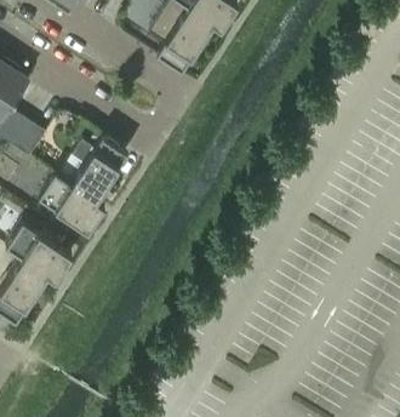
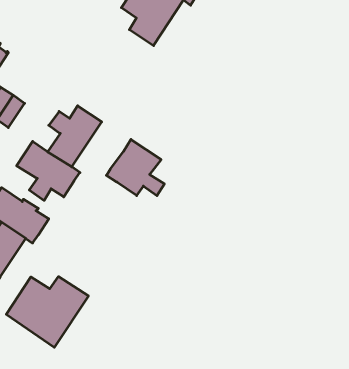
building: none -> [106,139,164,196]
building: none -> [6,277,88,347]

